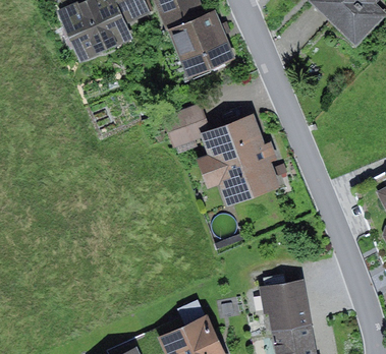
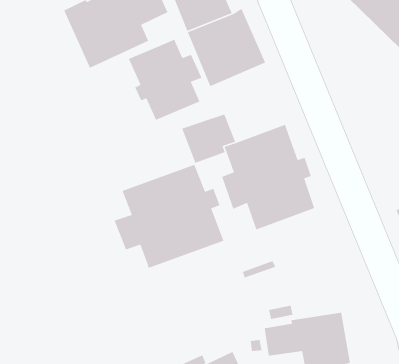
building: none -> [128,39,203,121]
building: none -> [114,164,225,269]

